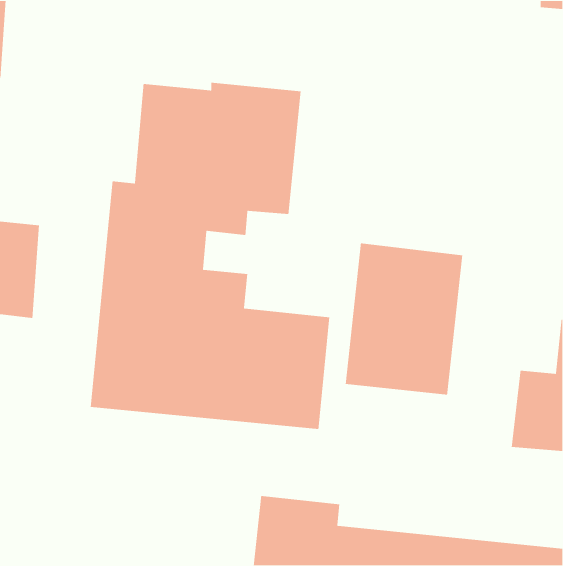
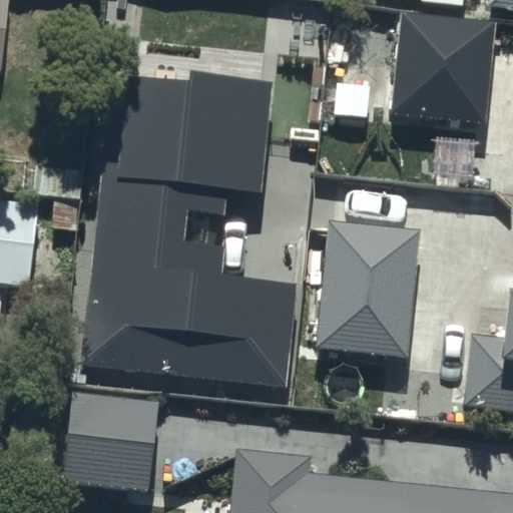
building: none -> [396,15,495,123]
building: none -> [62,392,159,492]

